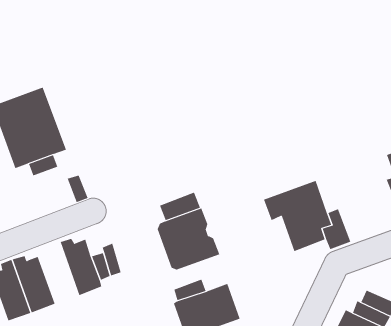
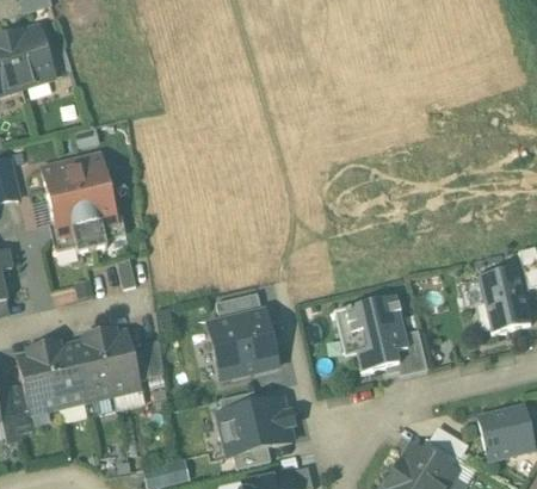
building: none -> [73,330,113,400]

